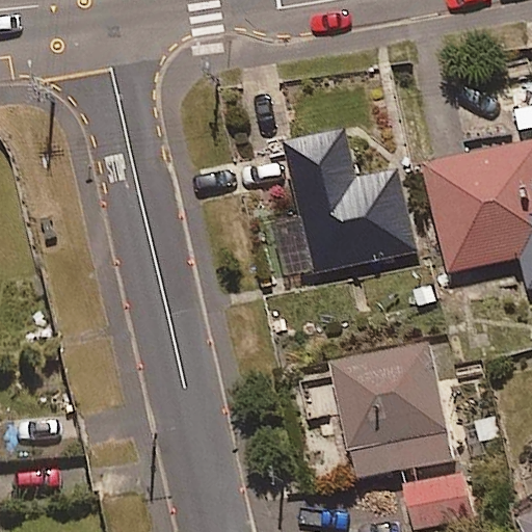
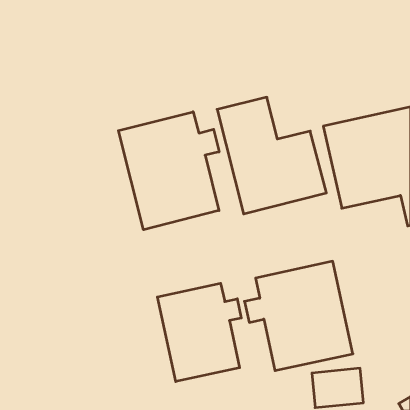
building: none -> [118,112,219,230]
building: none -> [157,283,241,382]

